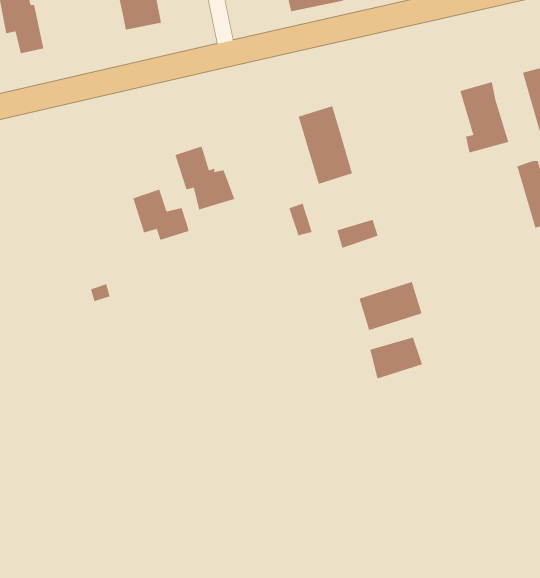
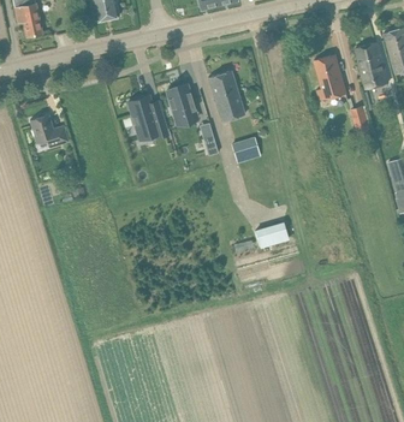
building: none -> [167,84,195,118]
building: [132,189,189,240] -> [30,114,67,148]
building: [359,281,422,331] -> none

